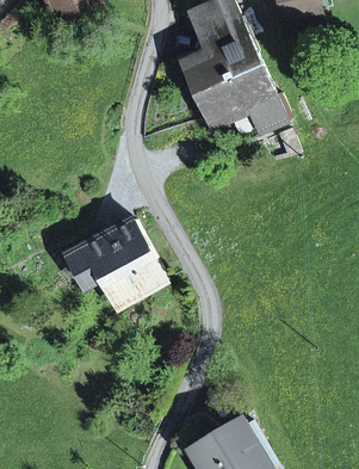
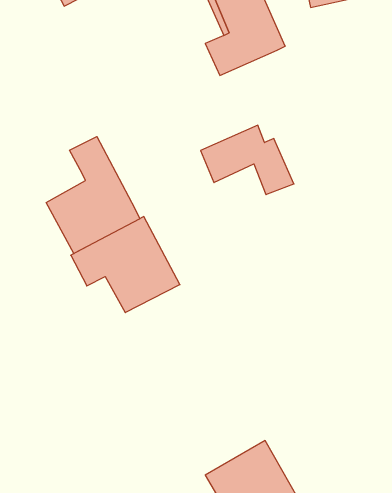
building: [202,67,285,129] -> [201,125,294,195]
building: none -> [46,137,140,254]

